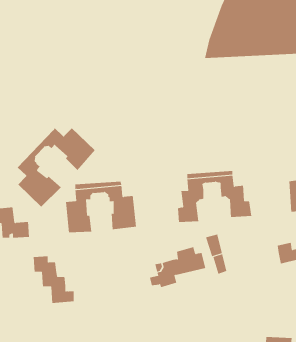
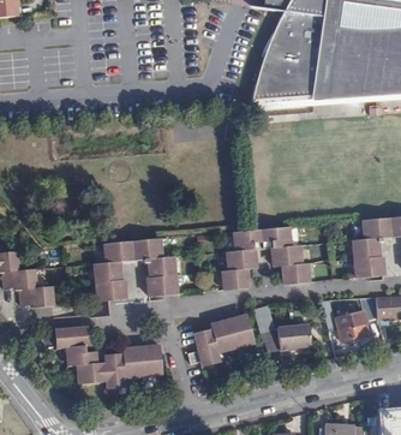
building: [17,127,96,207] -> none
building: none -> [280,322,313,348]
building: none -> [103,348,160,388]

